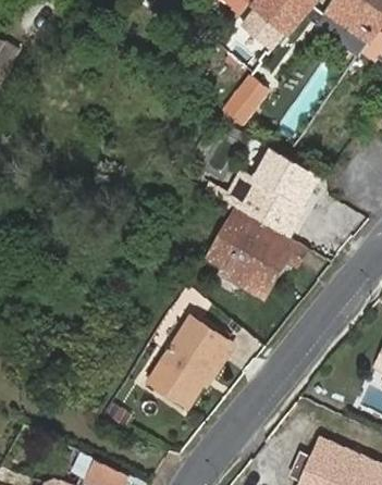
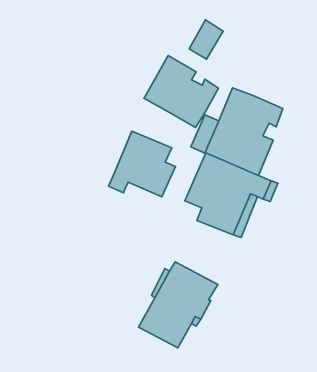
building: none -> [144,56,219,128]
building: none -> [108,131,176,197]

